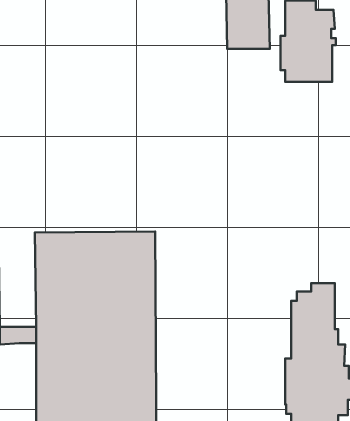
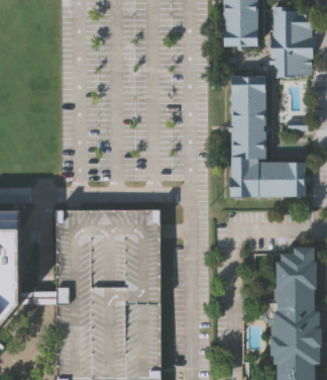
building: none -> [230,76,306,197]

